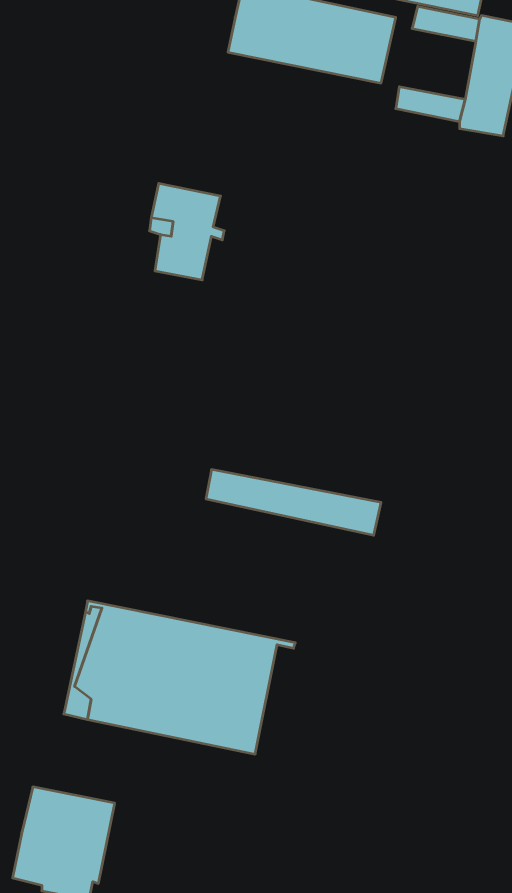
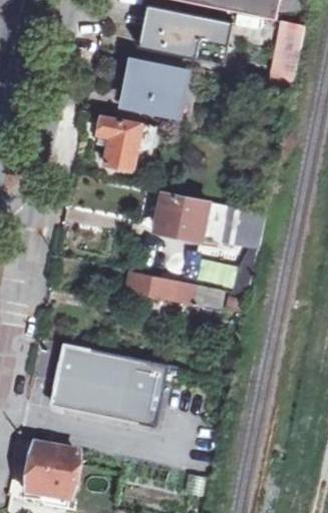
building: none -> [125,60,187,115]
building: none -> [154,192,265,242]

